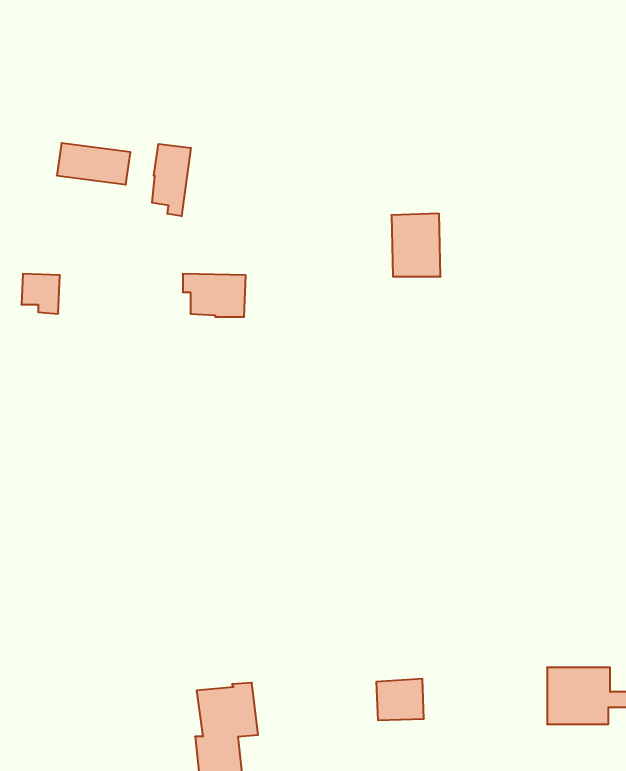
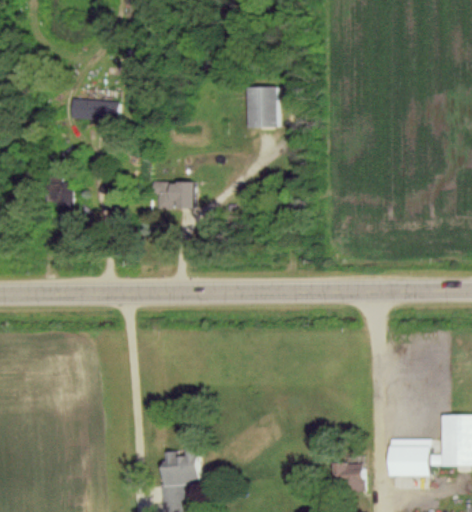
building: [152,144,191,216] -> none
building: [391,214,441,277] -> [246,87,278,128]
building: [376,679,424,720] -> [333,461,364,488]

